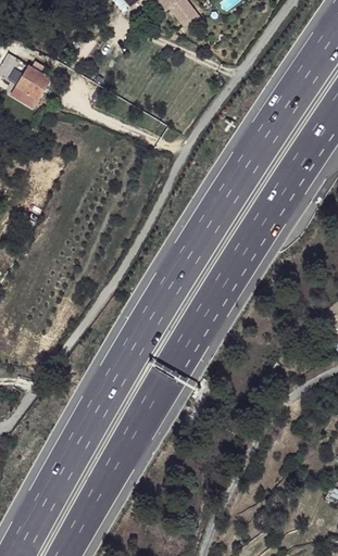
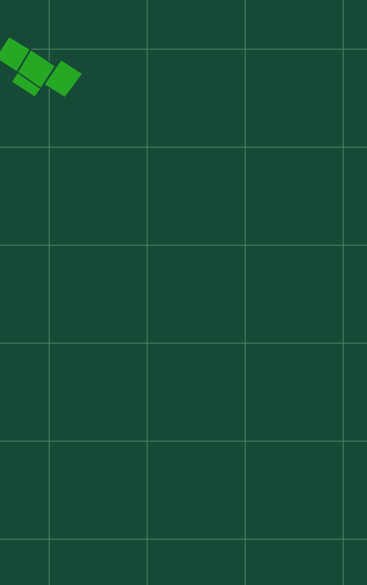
building: none -> [44,59,83,98]

